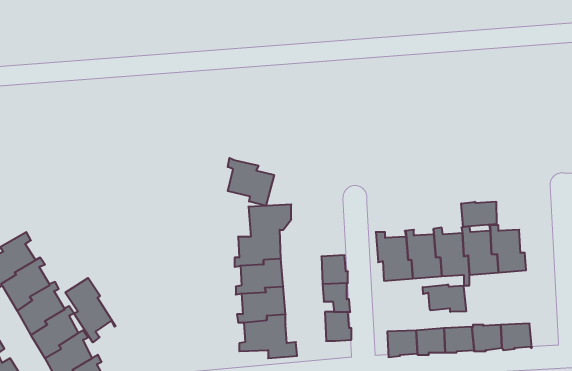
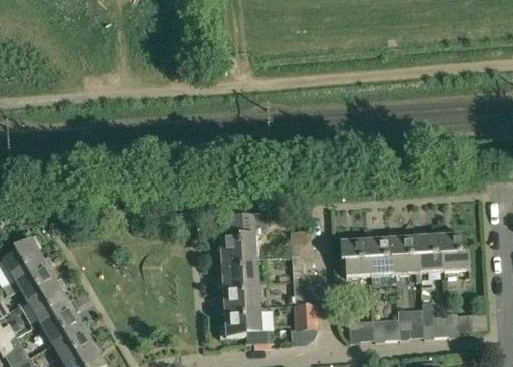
building: [228,158,274,206] -> none
building: [461,202,496,227] -> none
building: none -> [291,230,314,257]
building: [65,278,116,342] -> none
building: [423,284,466,312] -> none

